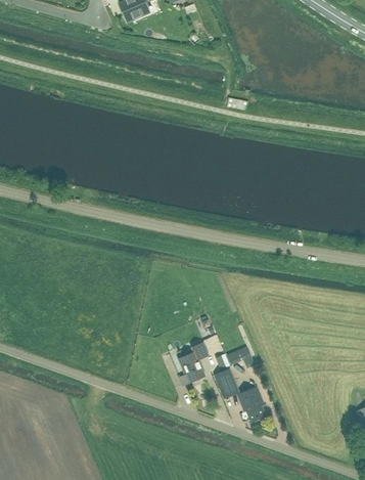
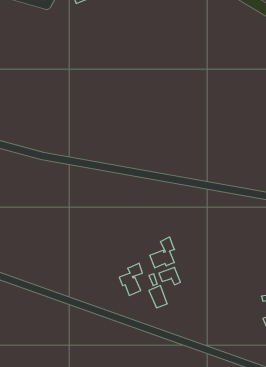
building: none -> [150,237,175,268]
building: [238,386,267,421] -> none

